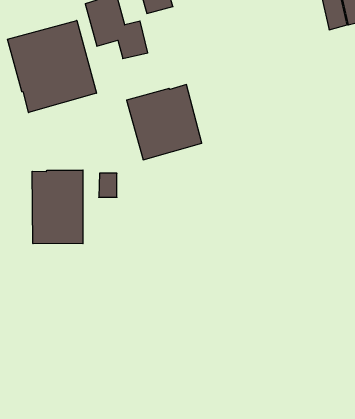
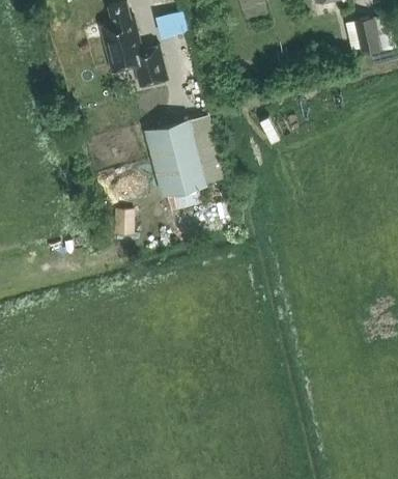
building: [7,20,96,113] -> none
building: [32,170,83,244] -> none

